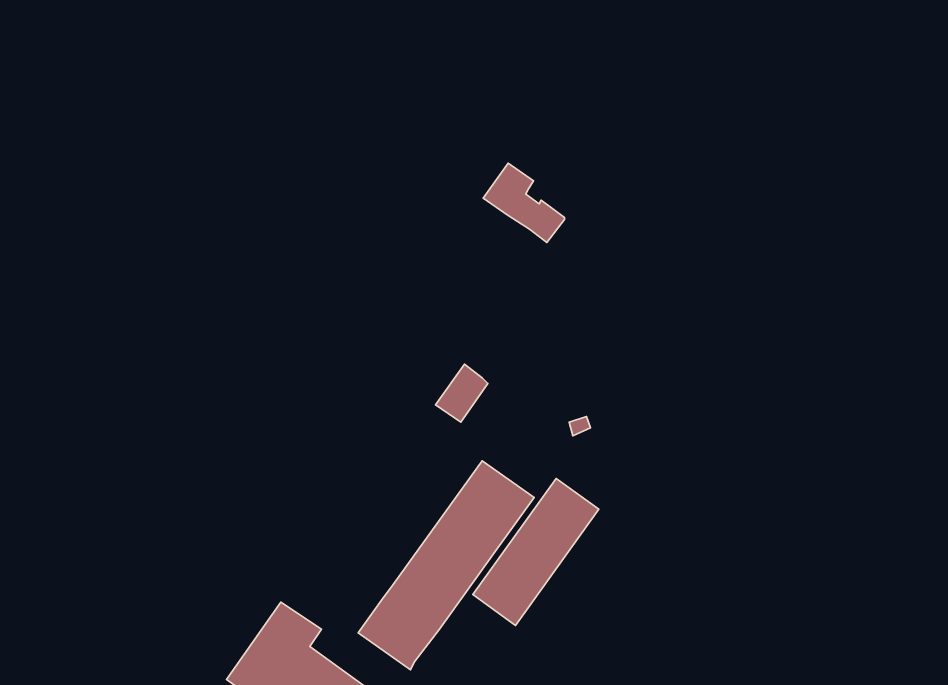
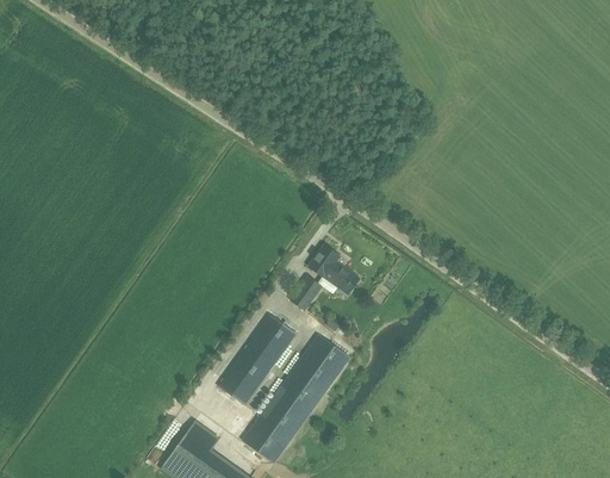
building: [483,163,564,243] -> [309,246,359,294]
building: [473,478,599,625] -> [218,315,295,405]

